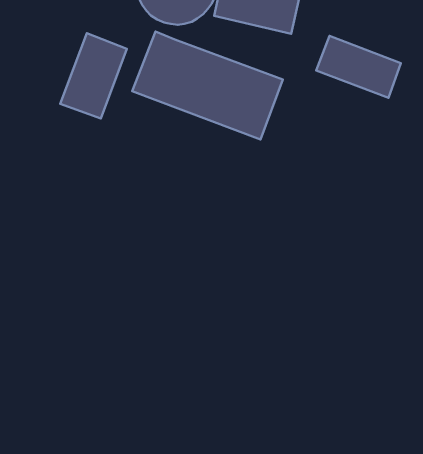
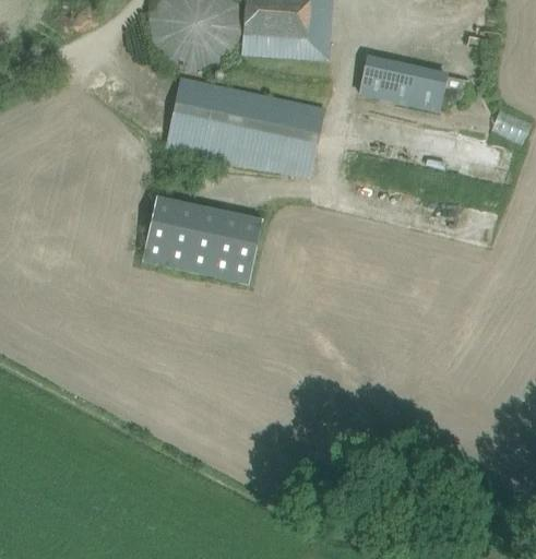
building: [60,33,127,119] -> none
building: none -> [141,195,262,285]

